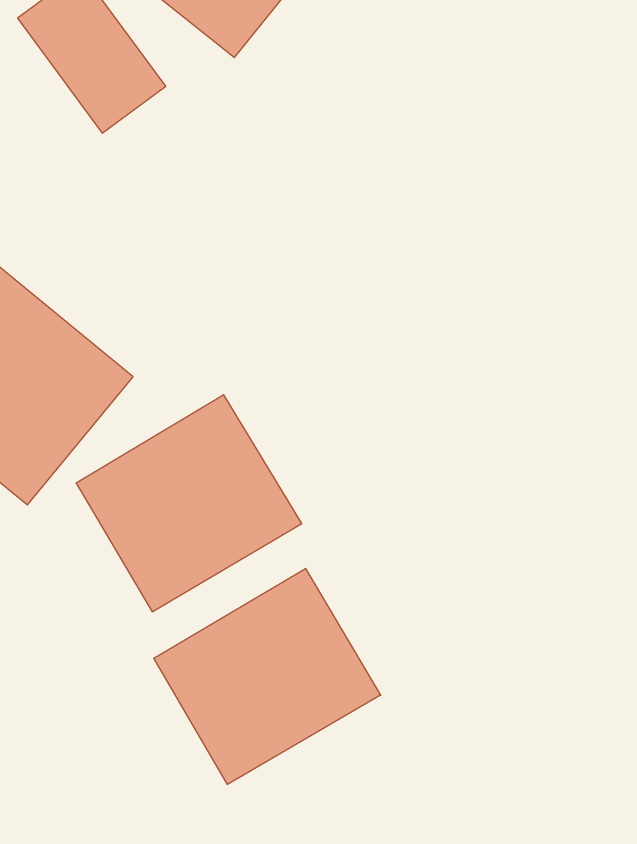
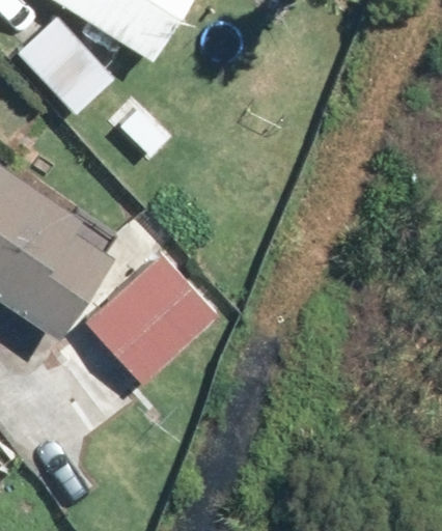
building: [154,568,381,784] -> none

